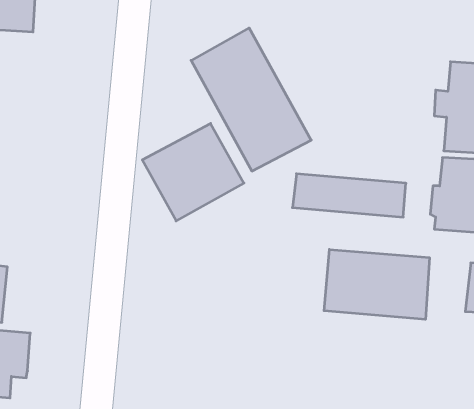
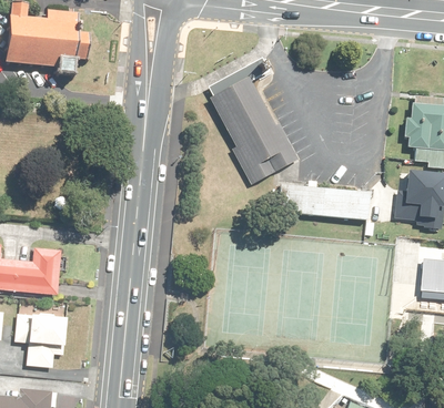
building: [142,123,244,221] -> none
building: [324,249,429,319] -> none

